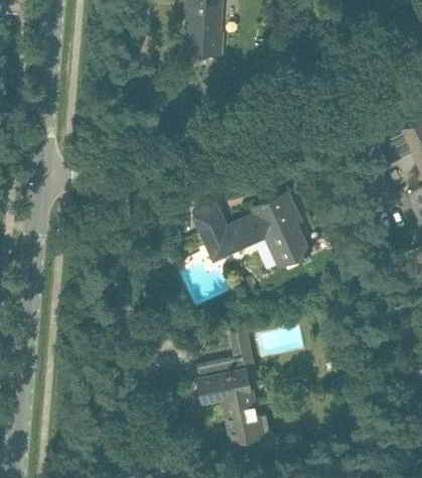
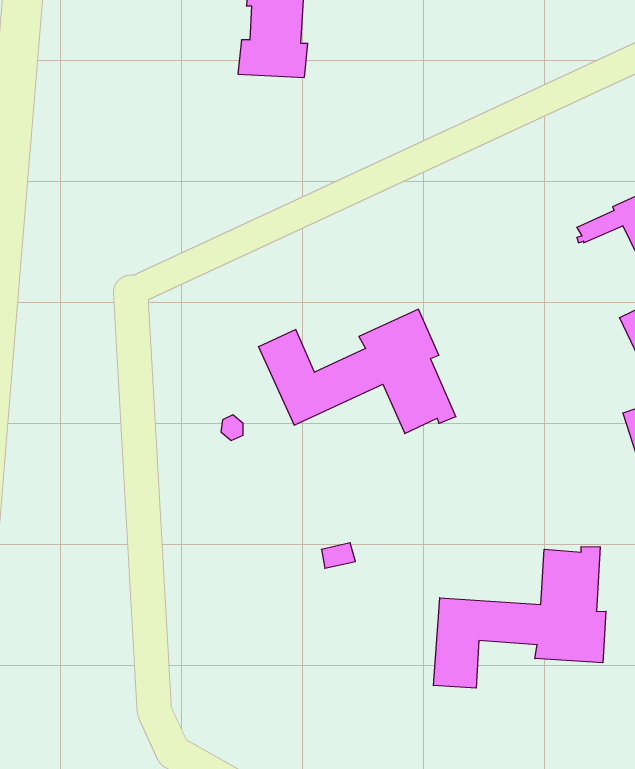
building: none -> [434,547,606,688]
building: [197,358,261,443] -> none

